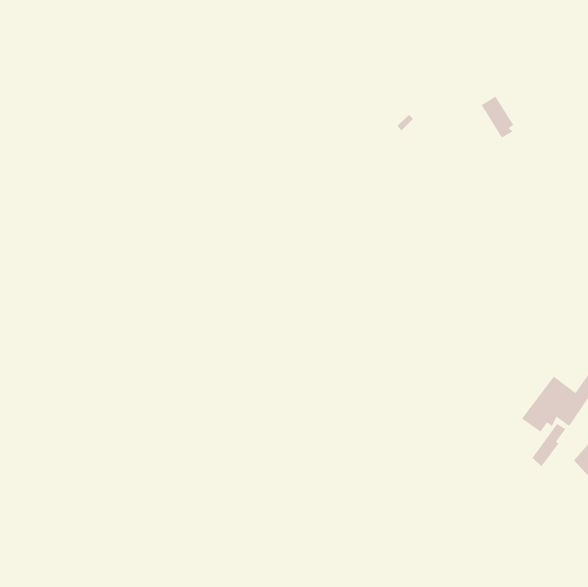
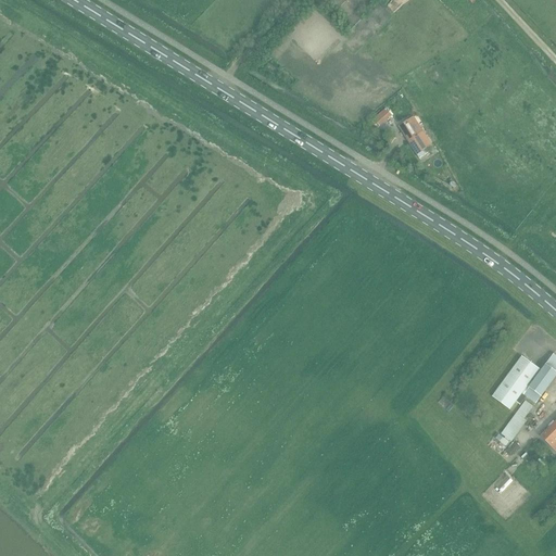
building: [481,96,514,139] -> [400,116,431,156]

